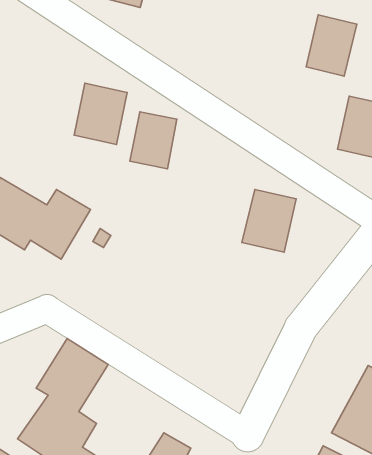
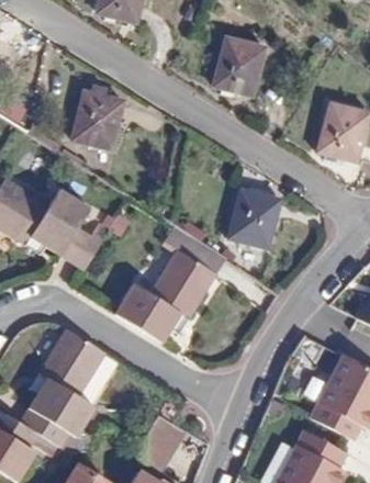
building: [306,15,357,76] -> [217,37,265,94]
building: [130,112,177,169] -> none
building: none -> [115,226,226,344]

